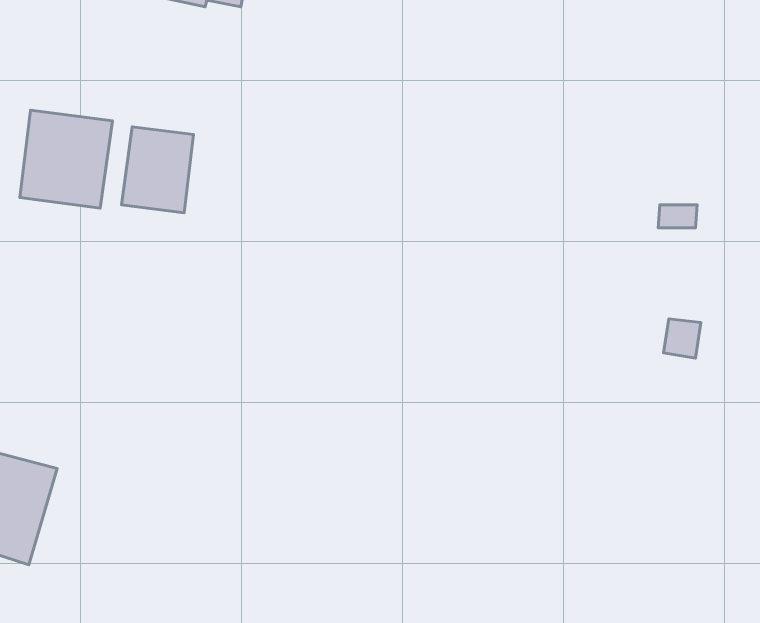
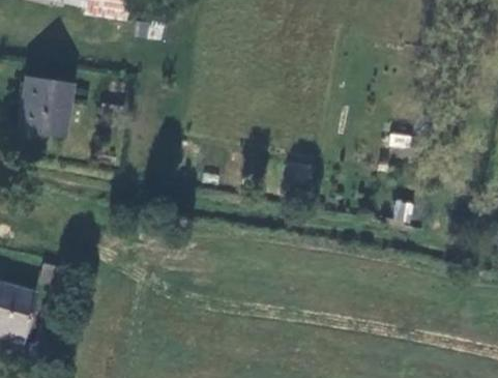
building: [121,127,194,213] -> none

